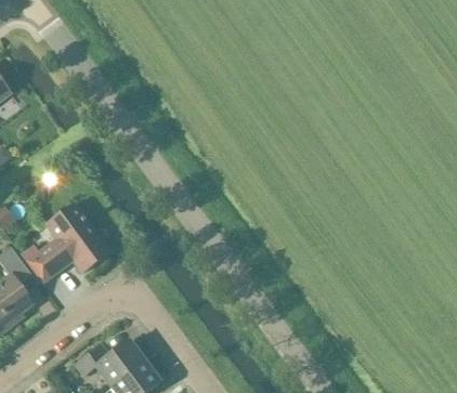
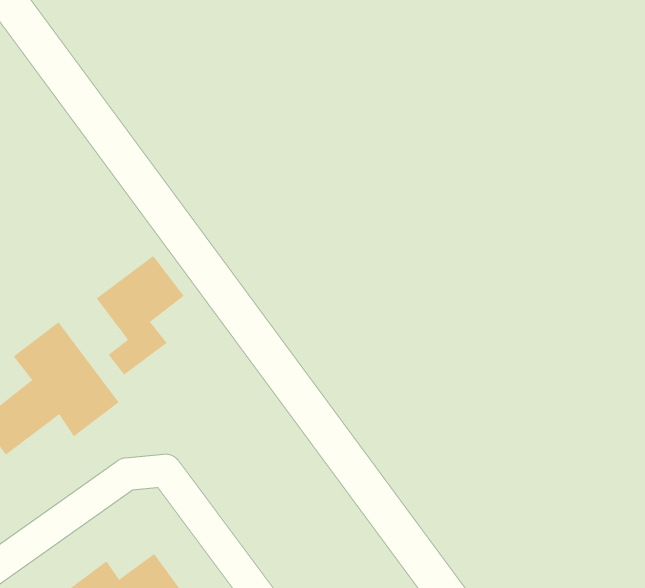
building: none -> [96,255,185,375]

